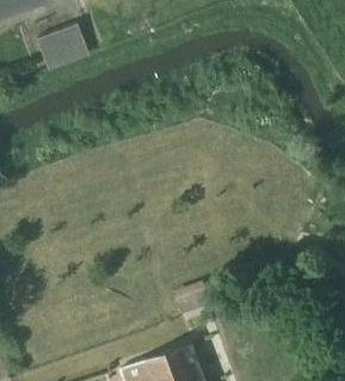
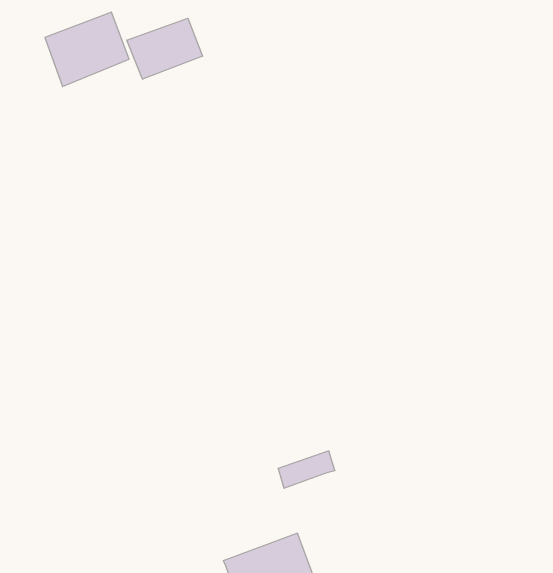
building: none -> [127,18,203,79]

